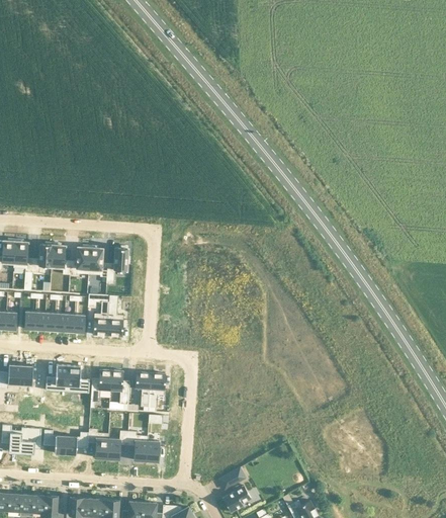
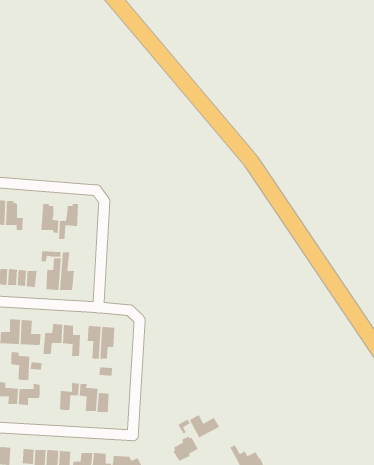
building: [70,245,90,275] -> none
building: [88,428,108,458] -> [11,351,30,381]
building: none -> [189,414,220,438]

